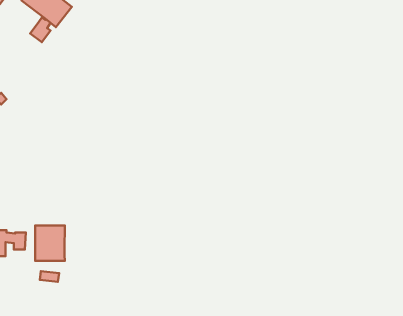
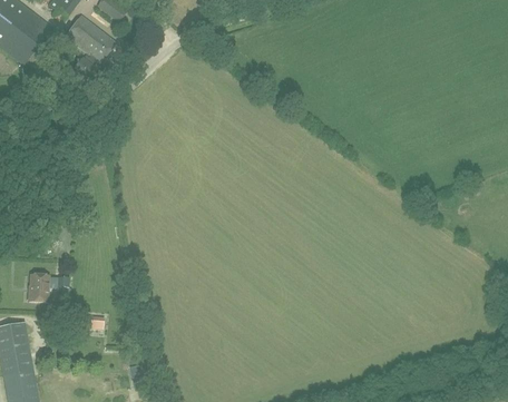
building: [35,226,65,261] -> none

